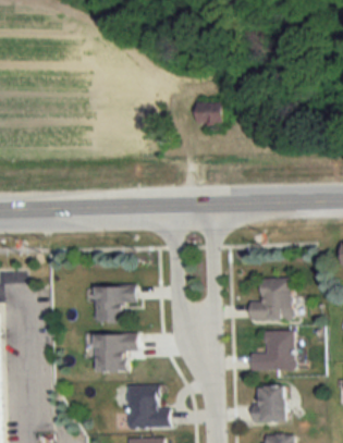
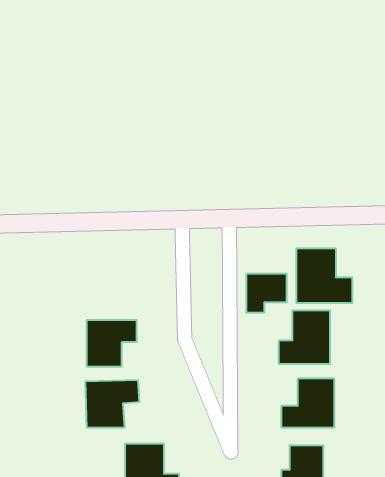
building: [195,103,221,125] -> none
building: none -> [296,248,352,303]
building: none -> [247,274,287,313]

